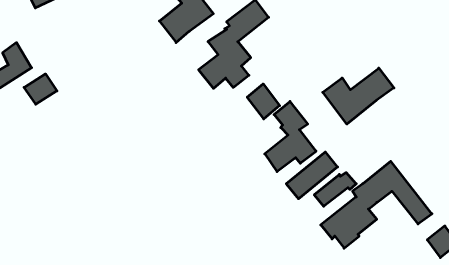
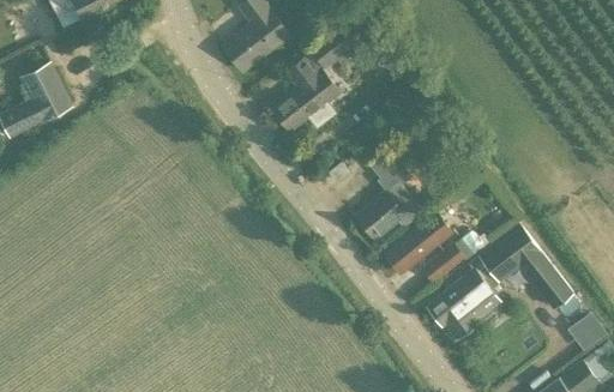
building: [323,68,394,124] -> none
building: [24,74,57,104] -> none
building: [247,84,280,119] -> none

